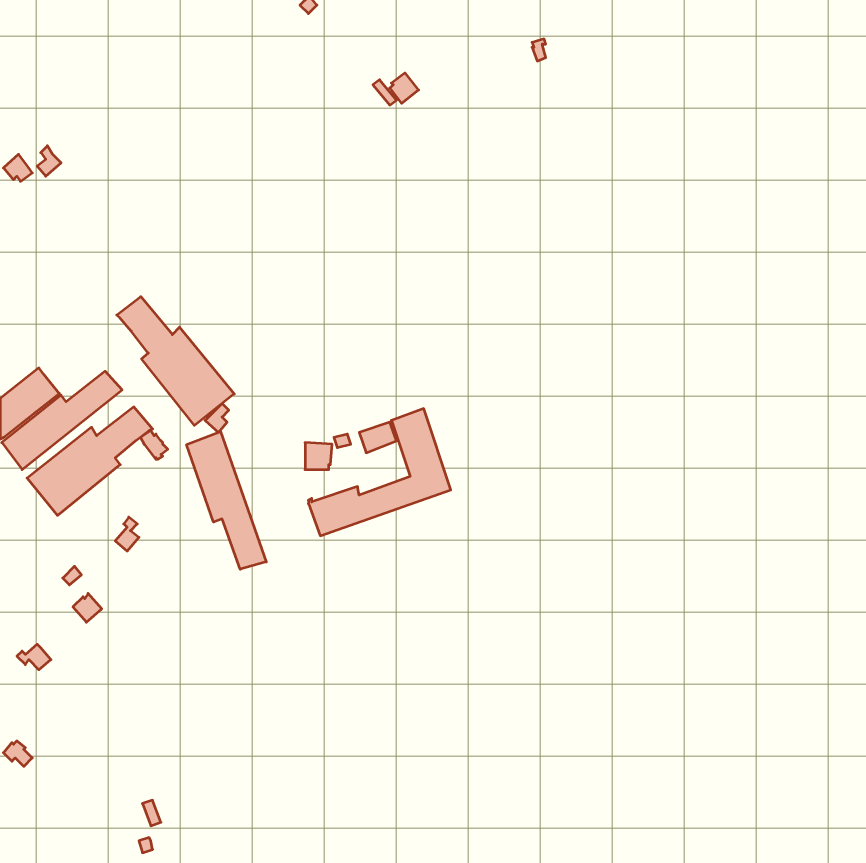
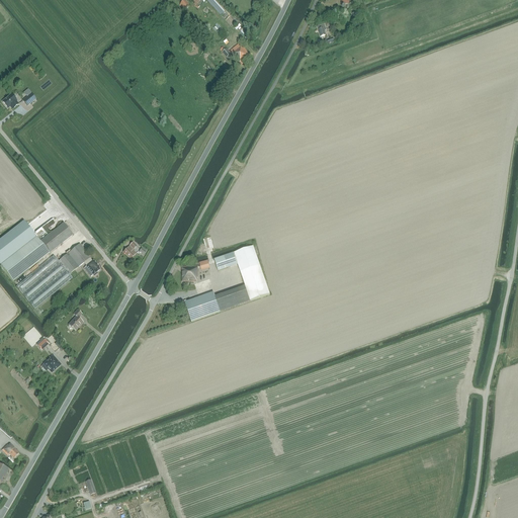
building: [117,297,234,425] -> none
building: [187,432,266,569] -> none

